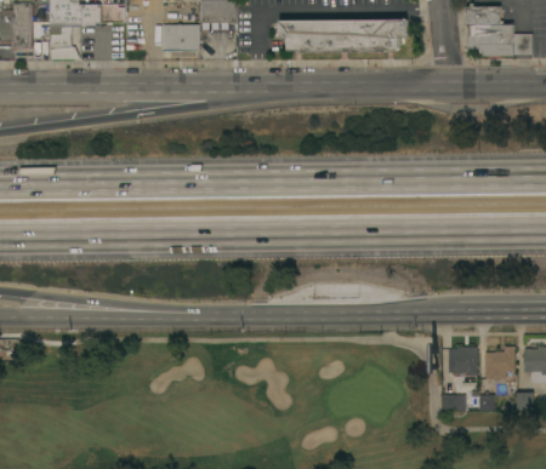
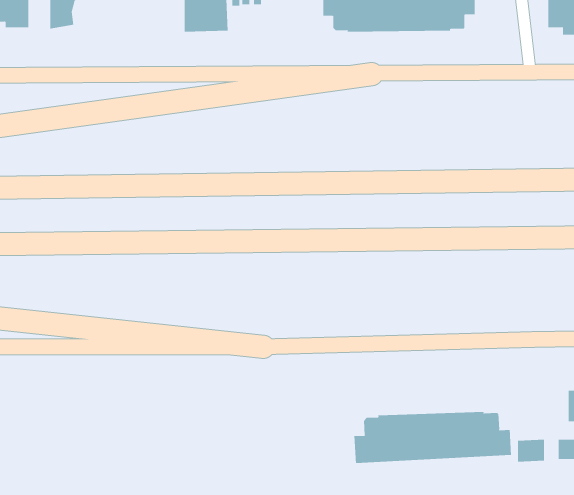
building: [449,348,478,377] -> none
building: none -> [354,411,511,464]

